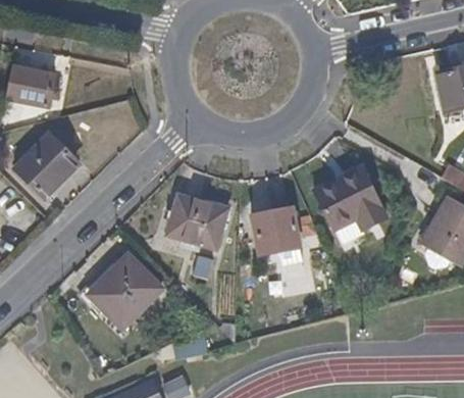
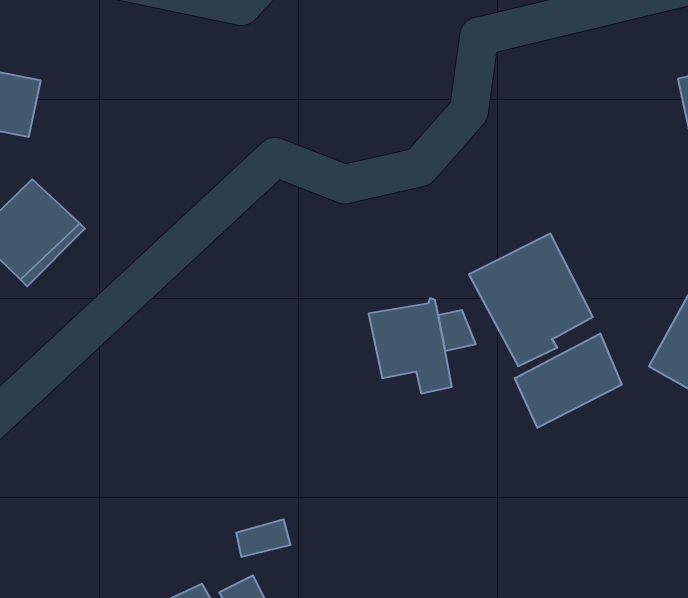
building: [172,195,227,247] -> none
building: none -> [515,333,622,428]
building: [88,255,161,327] -> none

